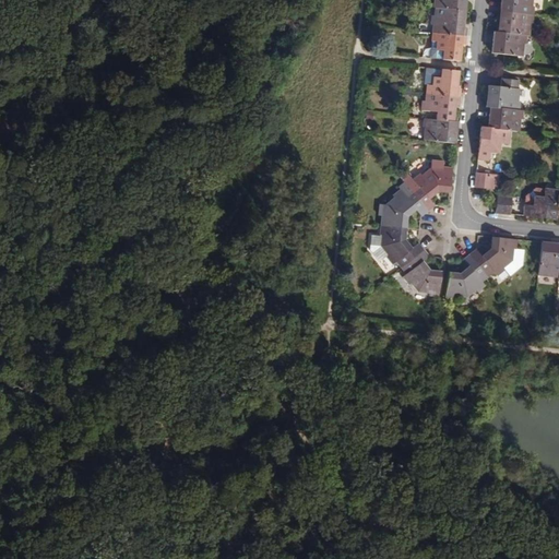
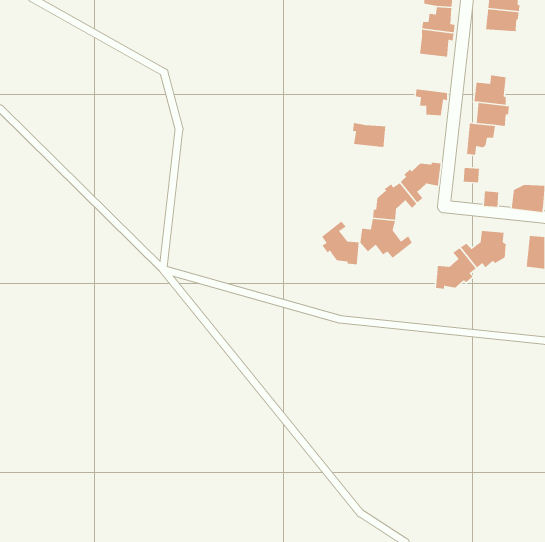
building: [491,29,526,53] -> none
building: [423,66,460,95] -> none
building: [421,116,456,142] -> [352,122,386,148]
building: [402,249,441,295] -> [321,221,360,265]

